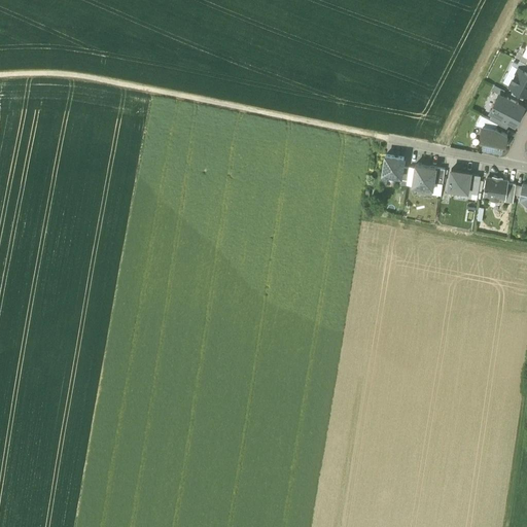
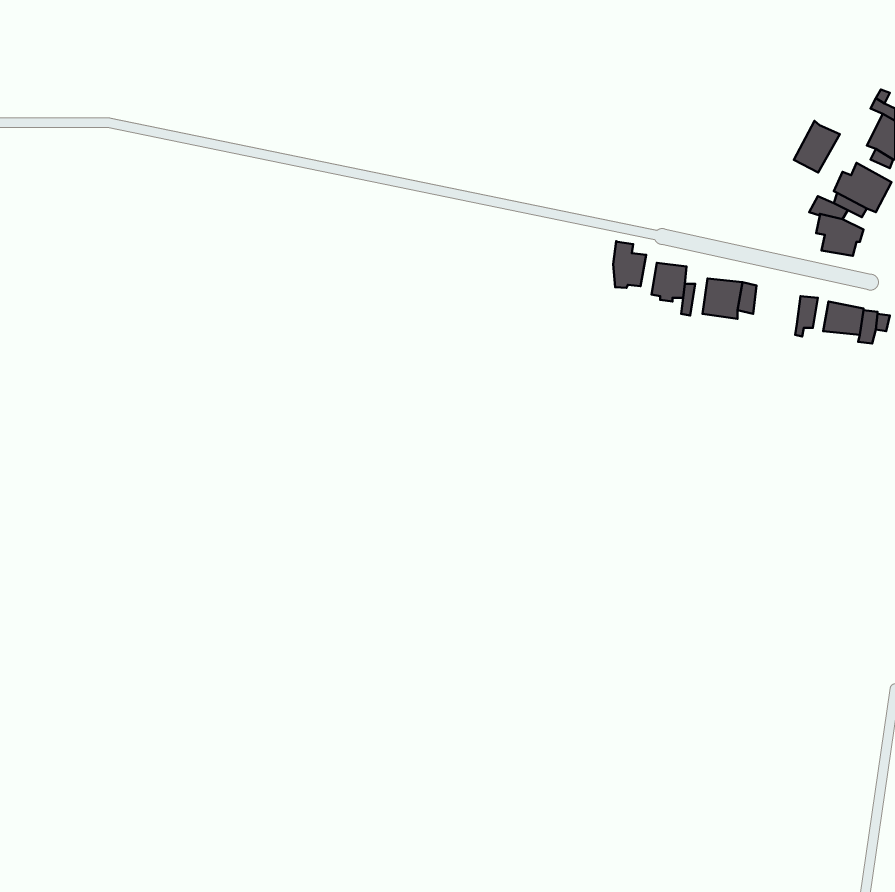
building: none -> [794,121,840,172]
building: none -> [613,241,646,288]
building: [449,171,470,192] -> none

